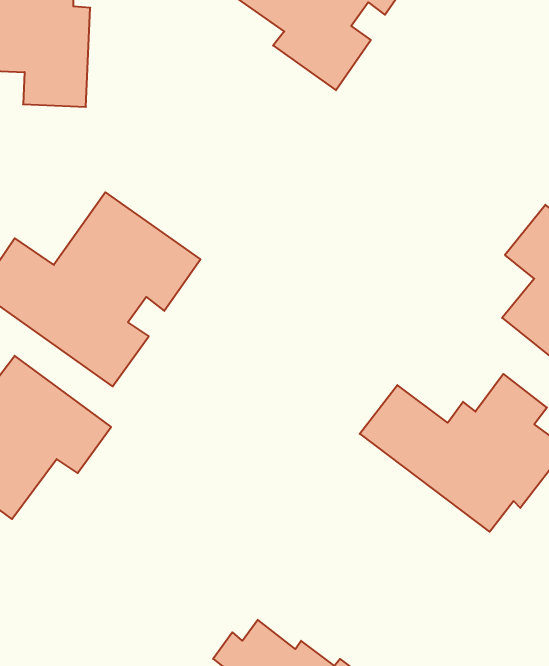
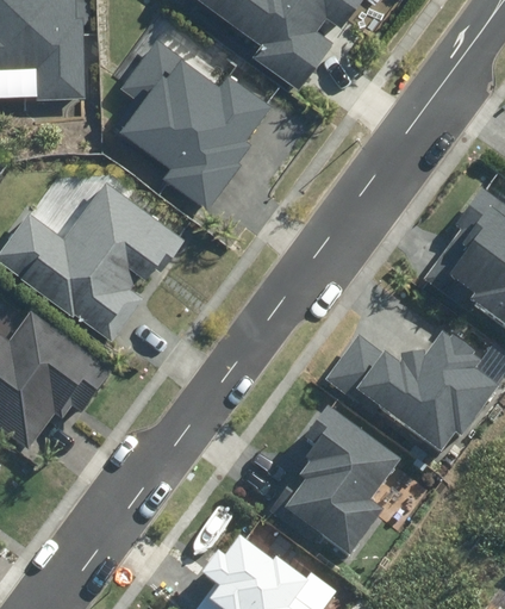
building: none -> [117,30,274,209]
building: none -> [285,406,400,560]

